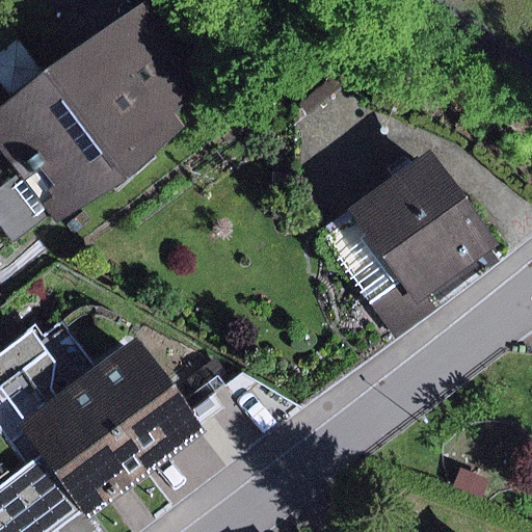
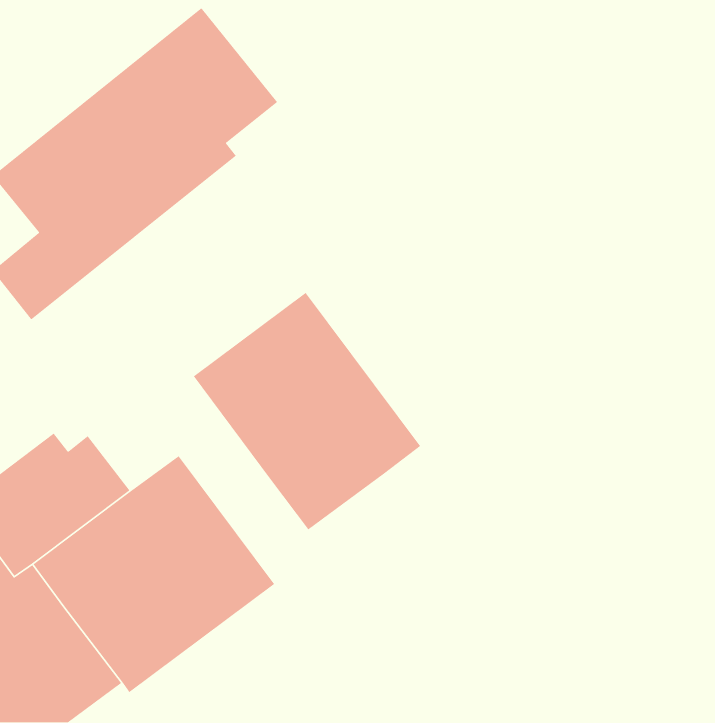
building: [336,158,483,296] -> none
building: none -> [193,292,421,531]

